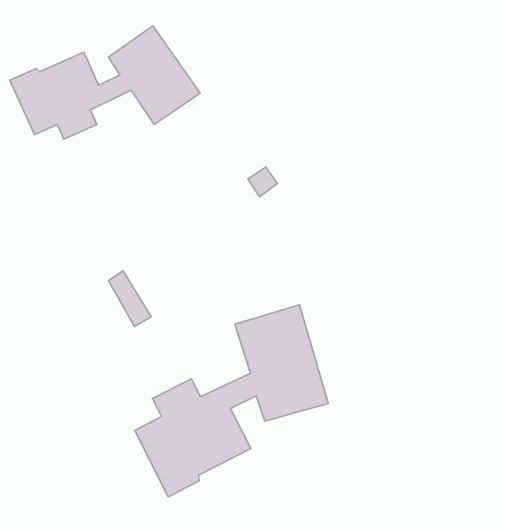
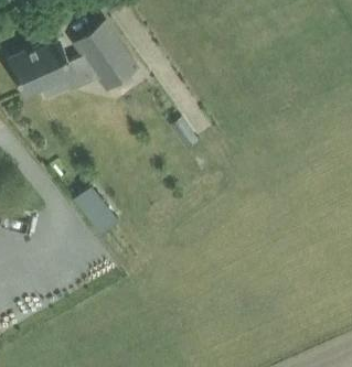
building: [135,305,328,497] -> none

